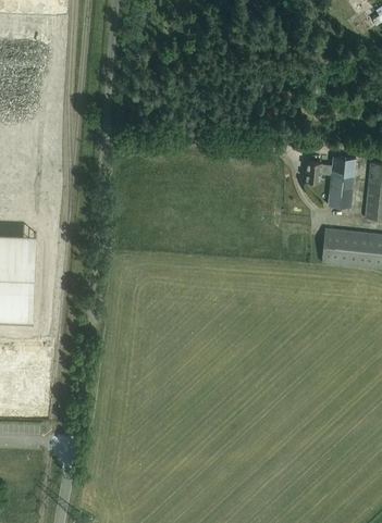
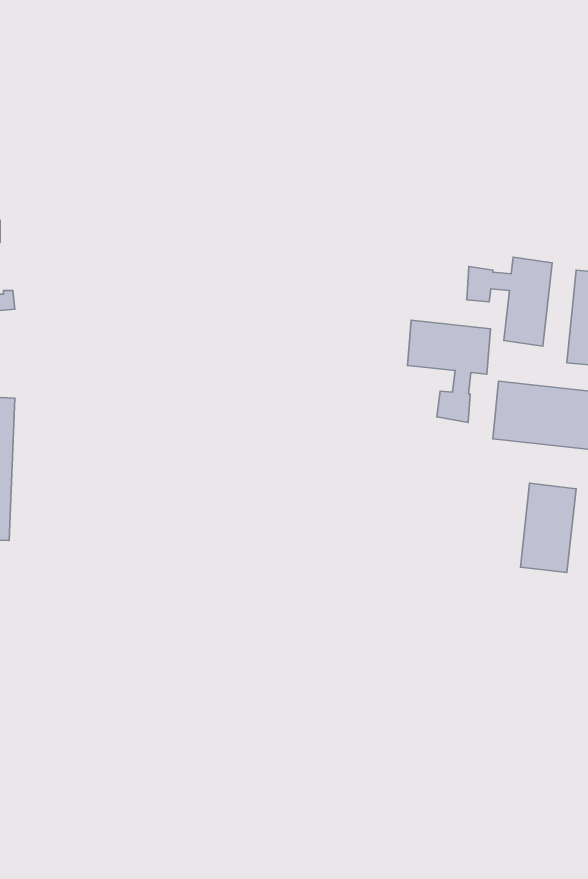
building: none -> [407,320,491,422]
building: none -> [520,483,576,573]

